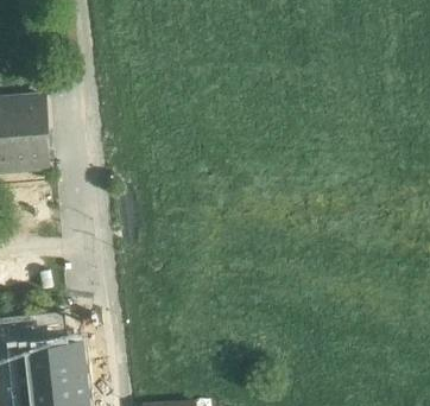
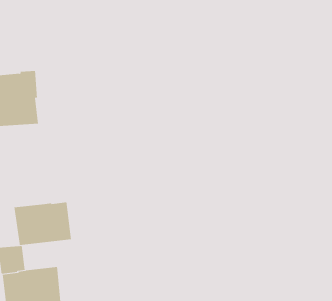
building: none -> [14,202,71,246]

